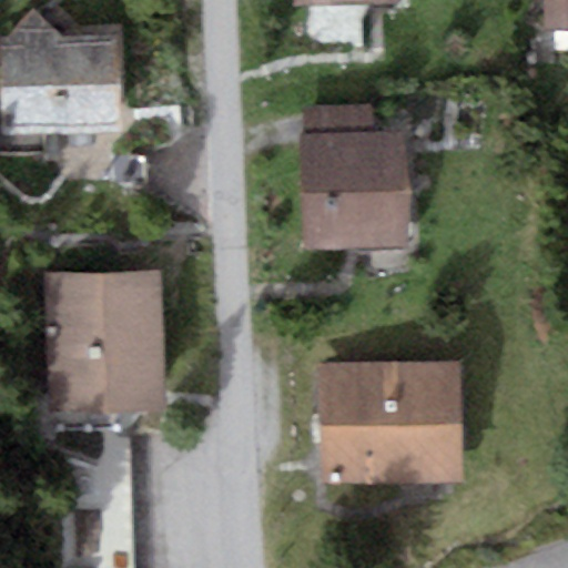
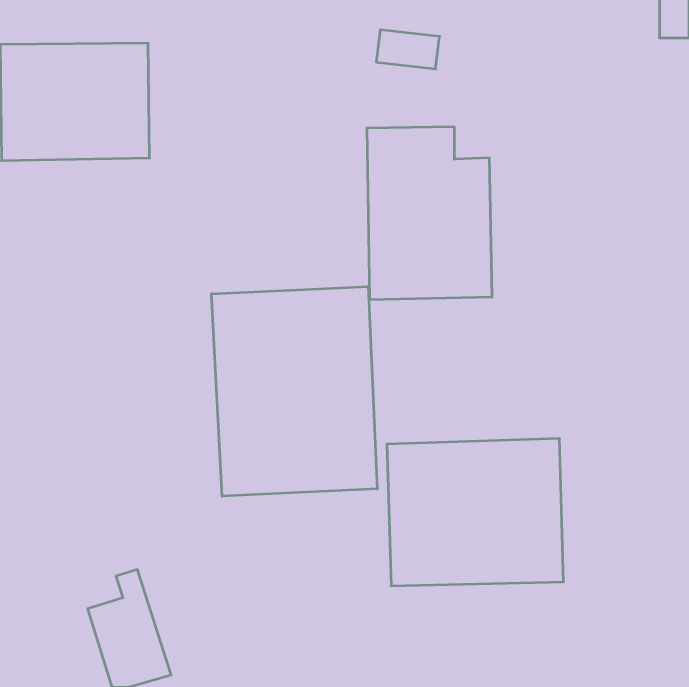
building: none -> [212,286,377,496]
building: [47,267,164,412] -> none

